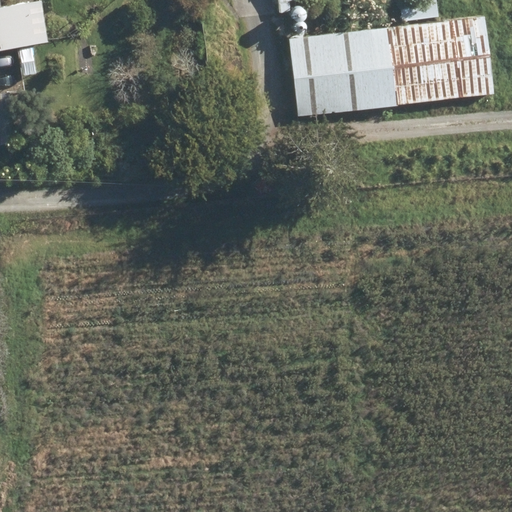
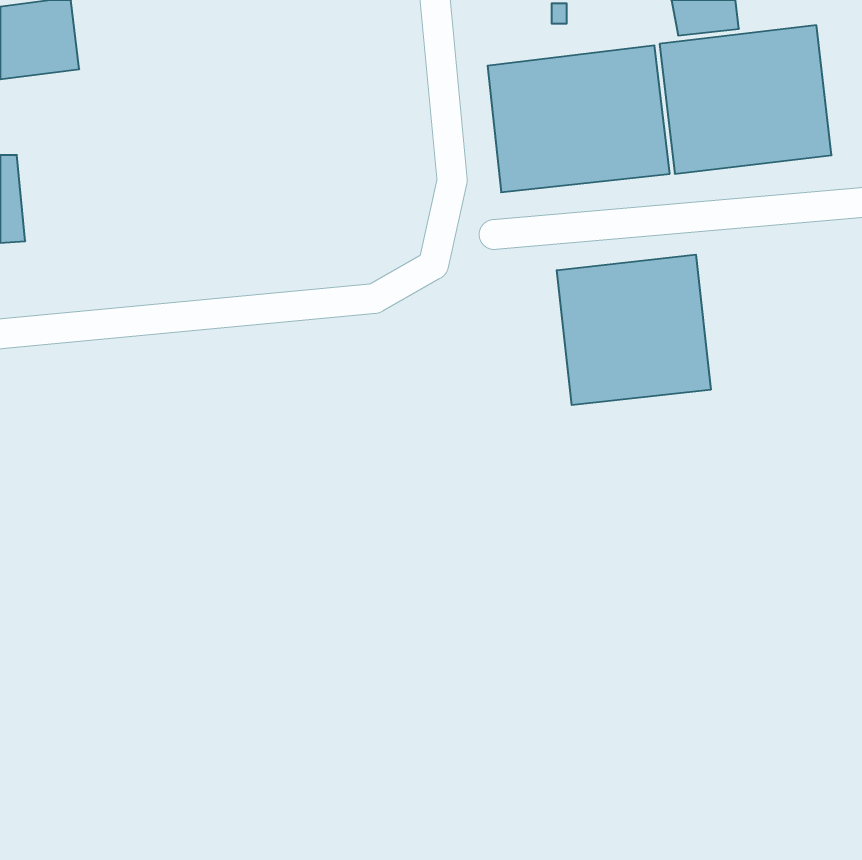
building: none -> [557,255,711,405]

